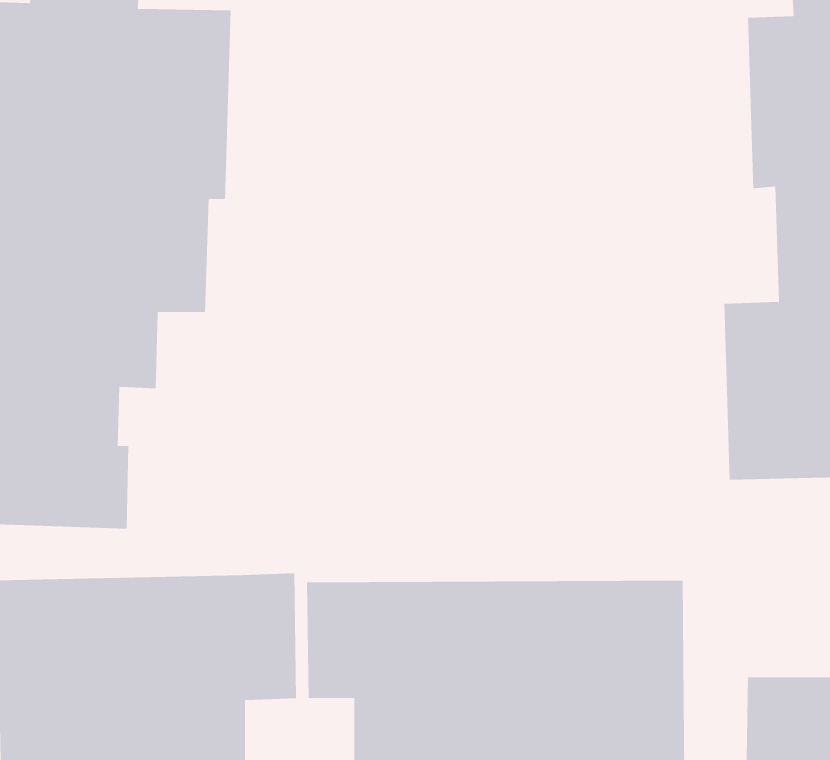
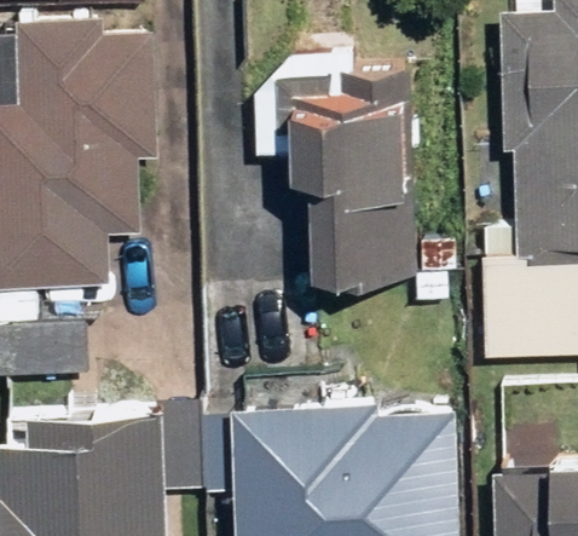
building: none -> [293,70,418,278]

